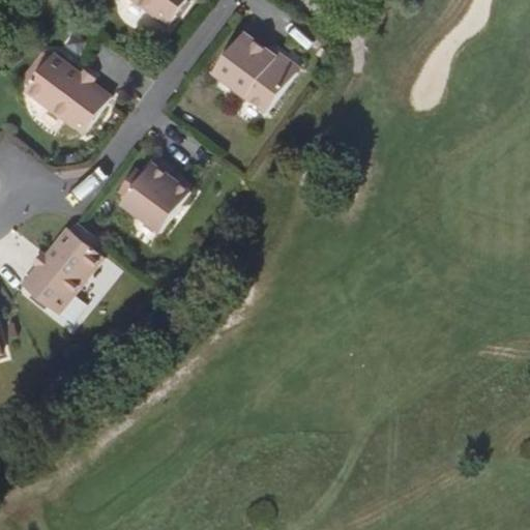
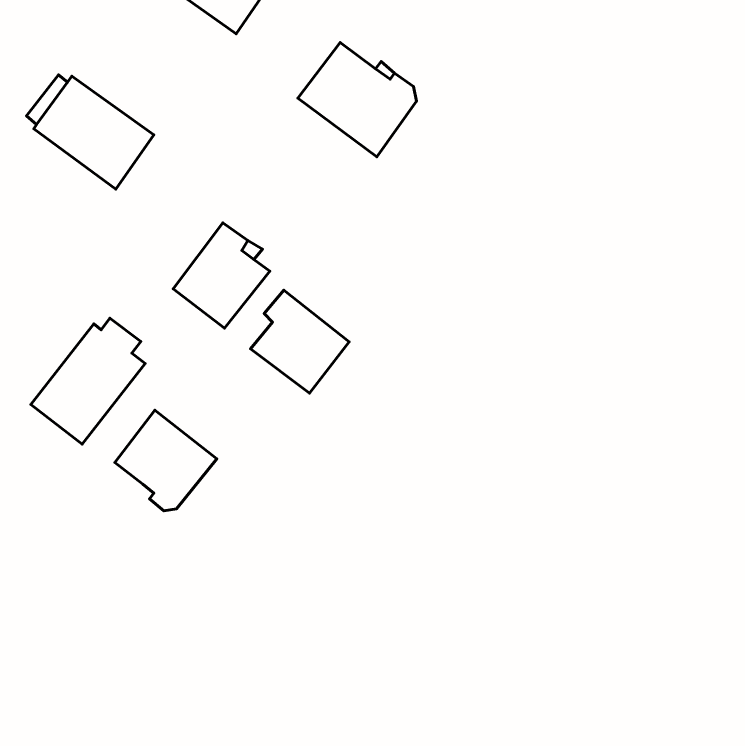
building: none -> [251,290,349,393]
building: none -> [115,410,217,511]

